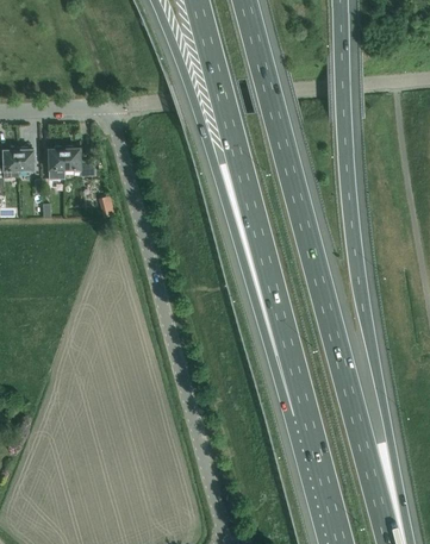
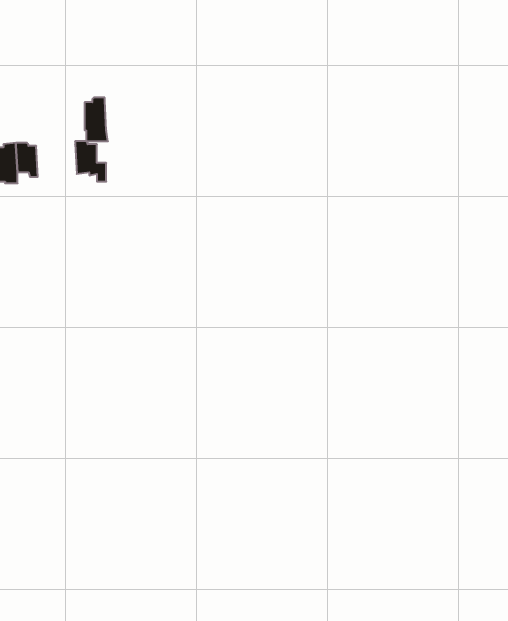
building: [48,145,66,179] -> [85,98,108,141]

